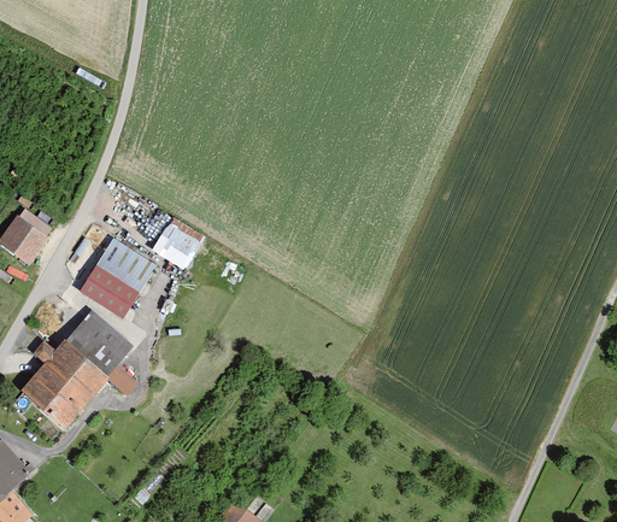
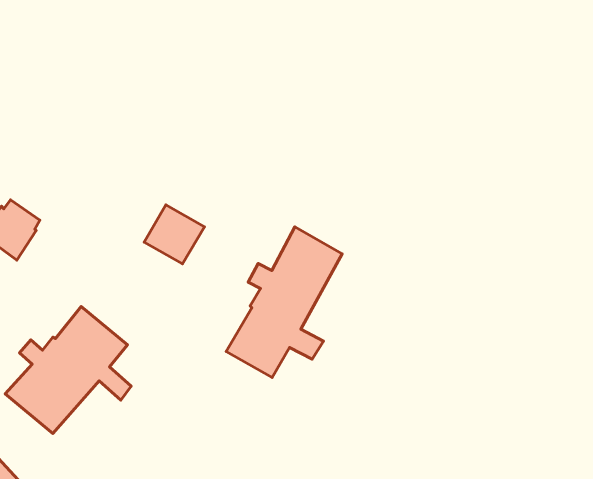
building: none -> [226,227,342,378]
building: [82,240,158,319] -> none

